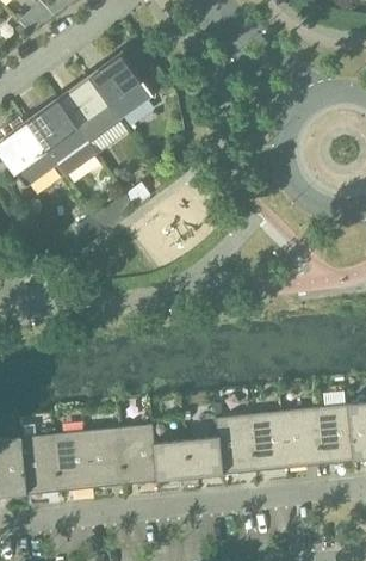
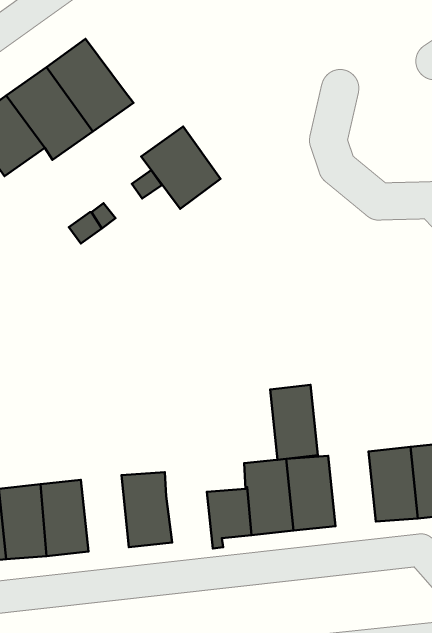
building: [88,54,151,119] -> [141,127,220,209]
building: [281,407,320,467] -> [270,385,318,460]
building: [85,426,123,487] -> none
building: [153,439,190,485] -> none

